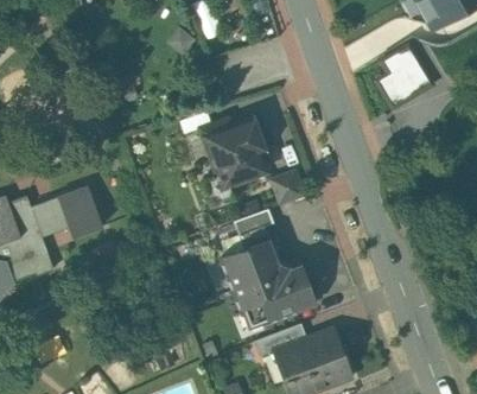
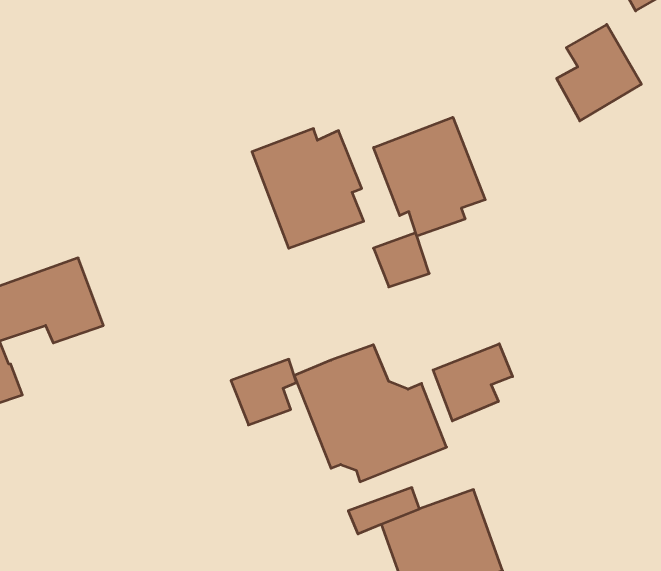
building: none -> [374,117,485,236]
building: [234,209,274,249] -> [231,359,297,425]
building: none -> [433,344,513,421]

